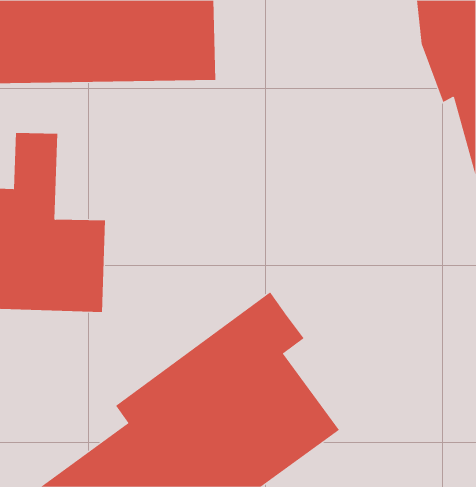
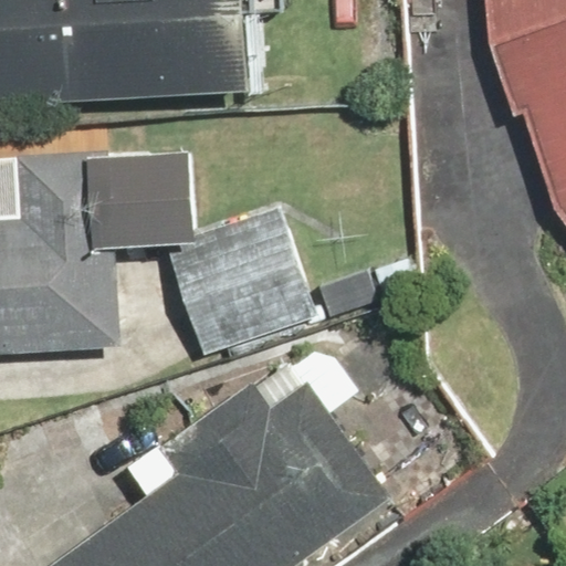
building: none -> [97,150,322,354]

